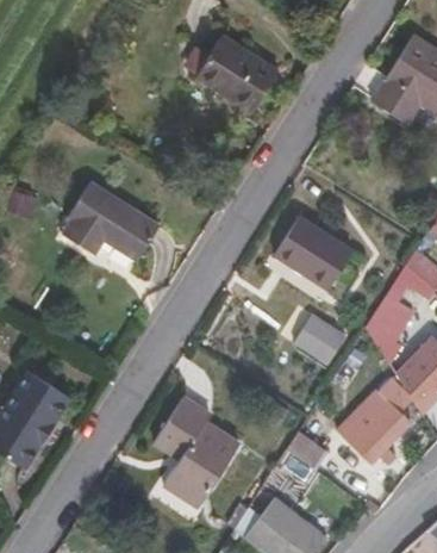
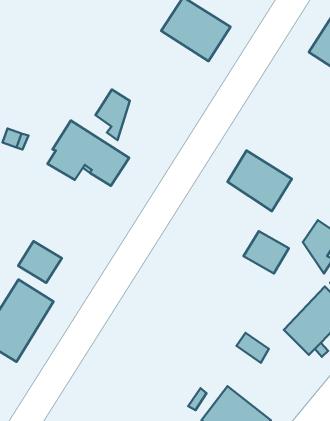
building: none -> [96,89,130,140]
building: none -> [18,241,62,283]
building: [154,397,239,508] -> none

